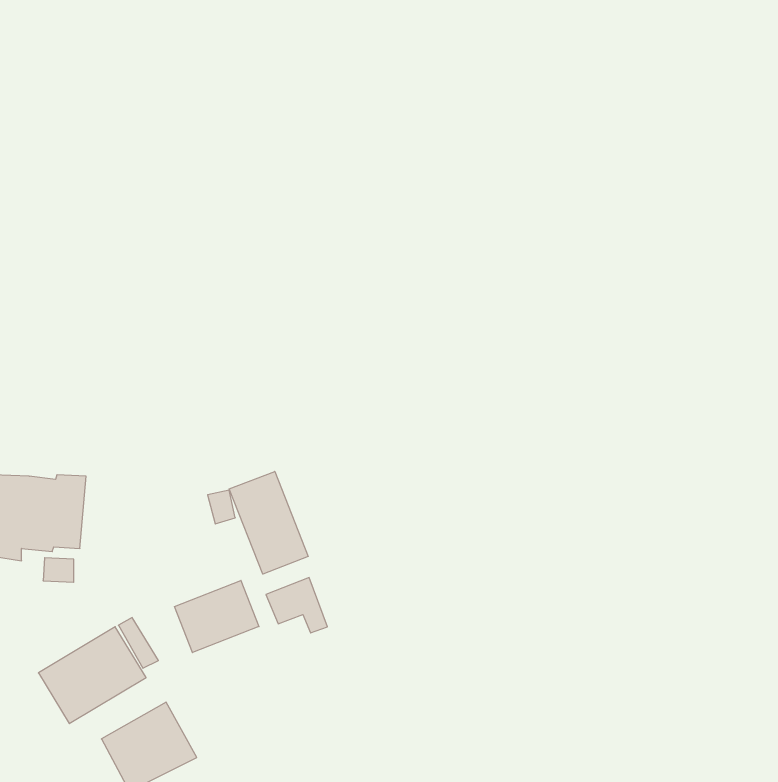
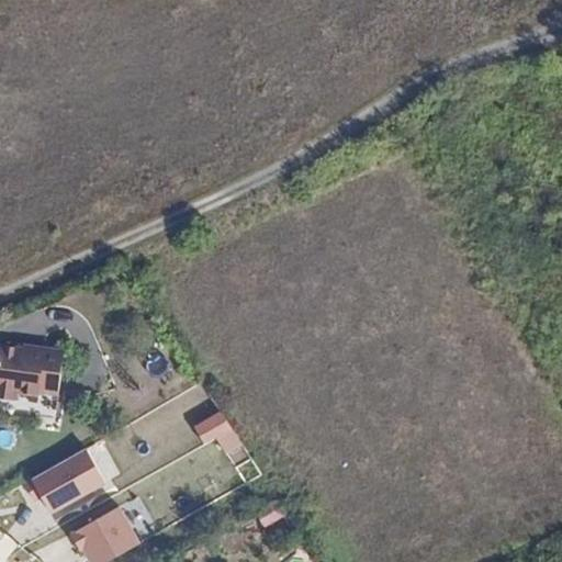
building: [229,471,308,574] -> none
building: [174,580,259,653] -> none

